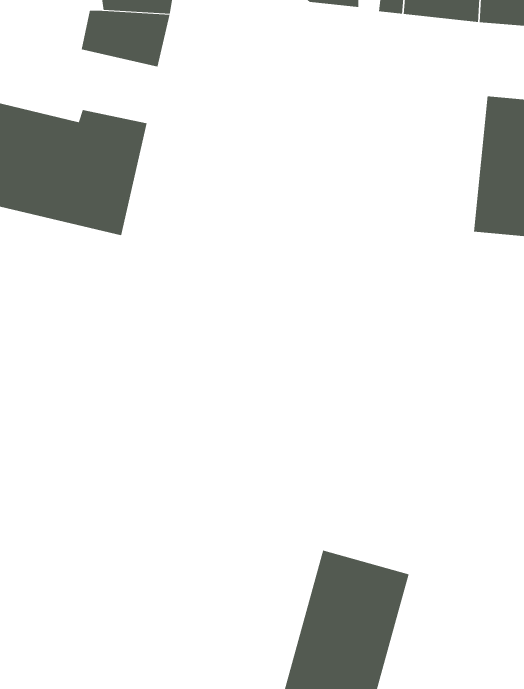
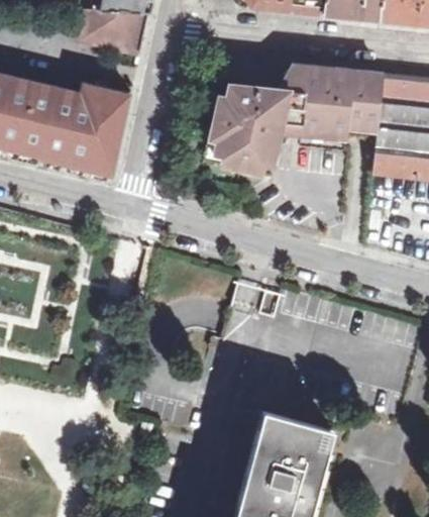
building: none -> [211,65,383,168]

